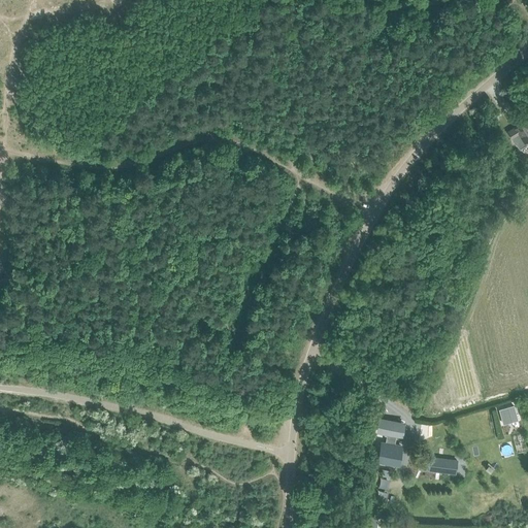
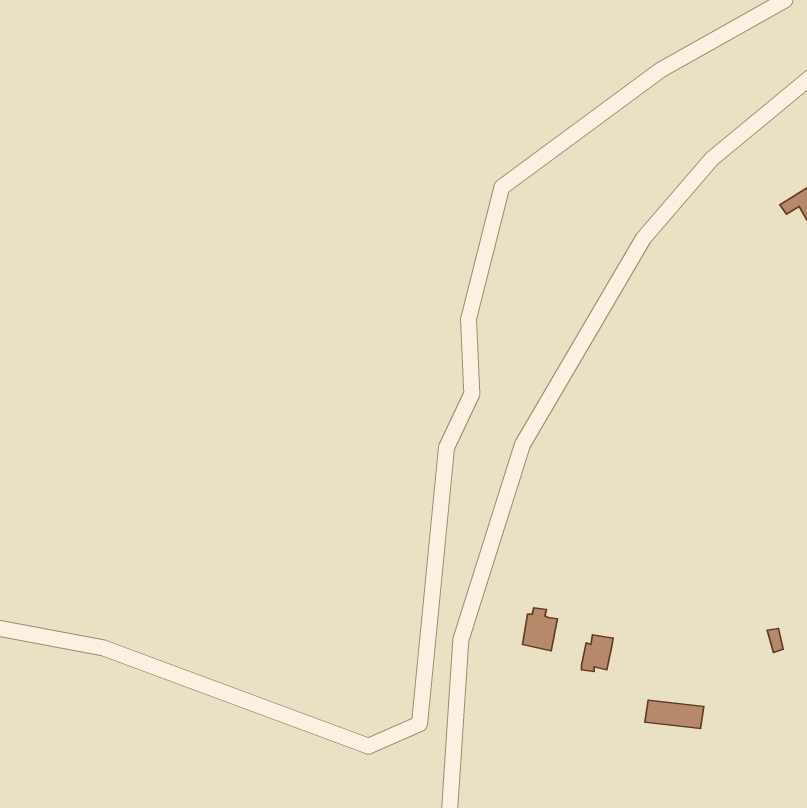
building: [382,440,404,468] -> [523,608,558,651]

